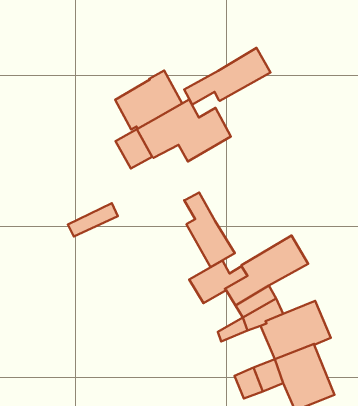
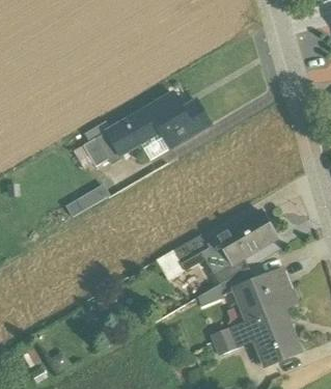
building: [184,48,270,105] -> none
building: [115,71,182,130] -> none
building: none -> [83,130,122,166]
building: [184,192,235,267] -> none

